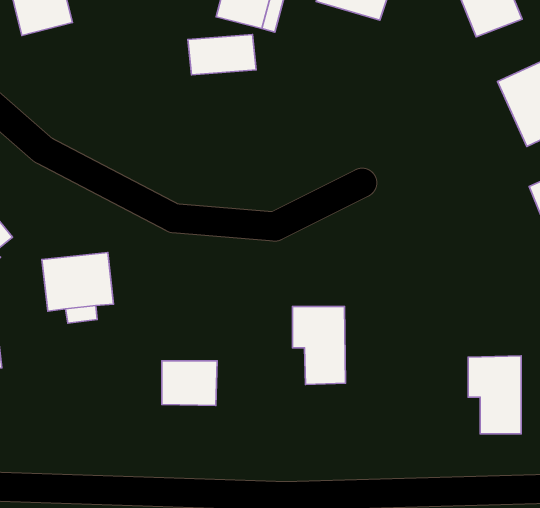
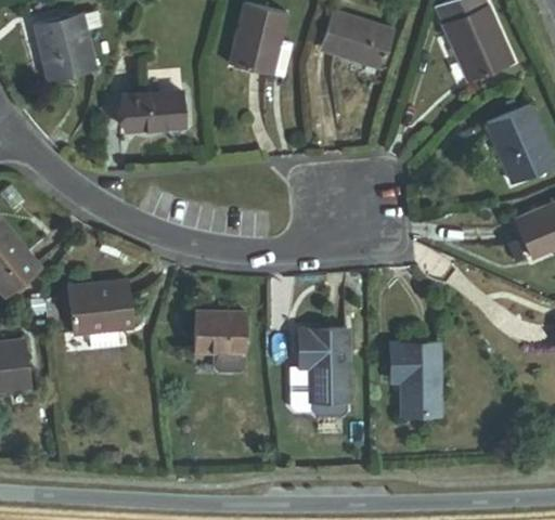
building: [188,35,256,75] -> [124,93,186,130]
building: [468,356,521,434] -> [391,344,440,416]
building: [162,361,217,406] -> [196,312,247,353]

